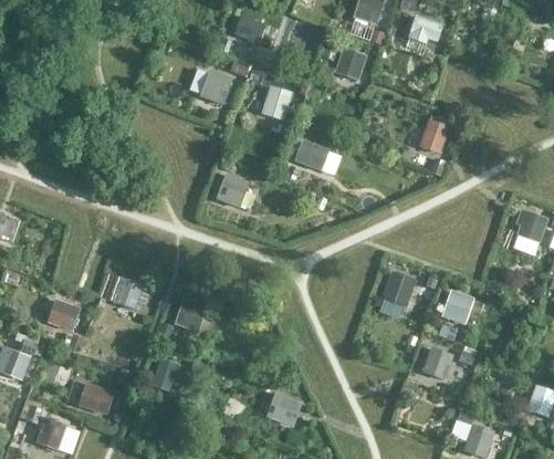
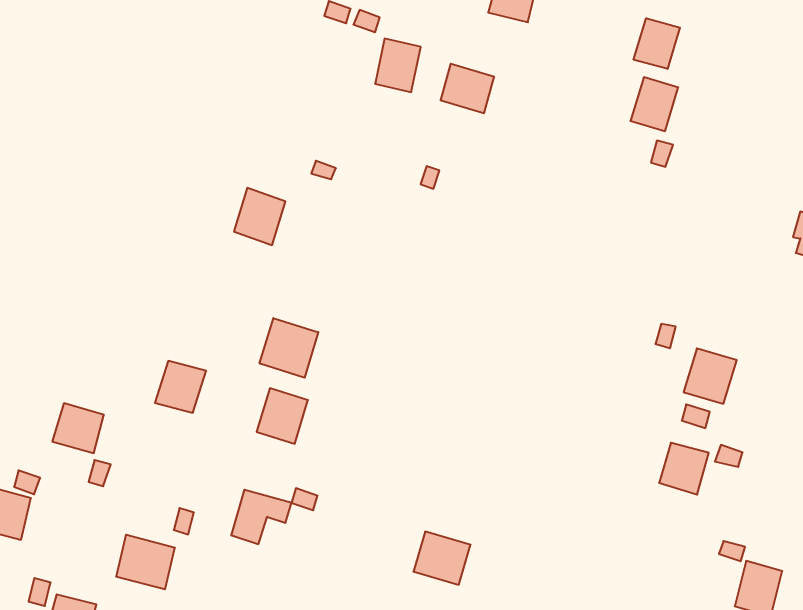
building: [198,69,231,104] -> none
building: none -> [634,18,680,69]
building: [293,138,327,170] -> [440,64,494,113]
building: [215,171,248,208] -> [234,188,285,245]
building: none -> [260,318,318,378]
building: [384,270,414,304] -> none

